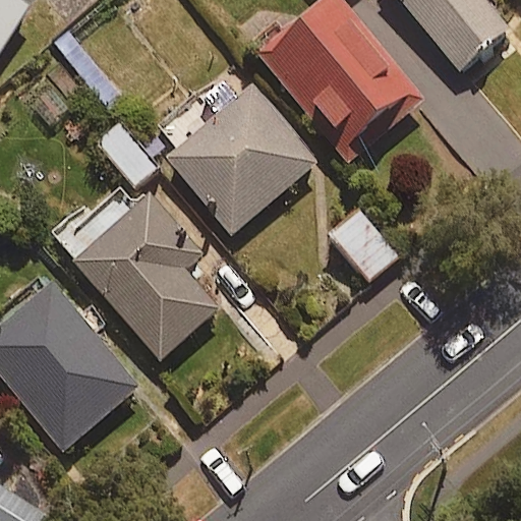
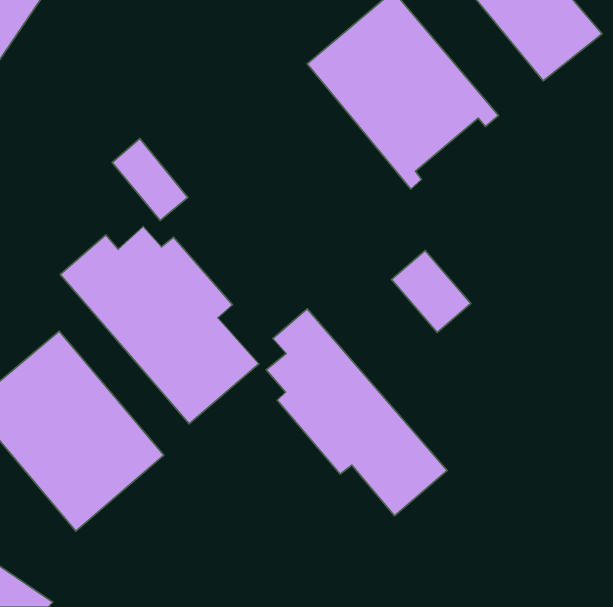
building: [169,85,317,233] -> none
building: none -> [266,309,447,516]

